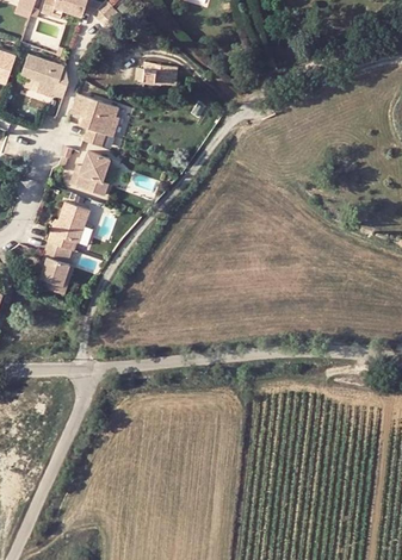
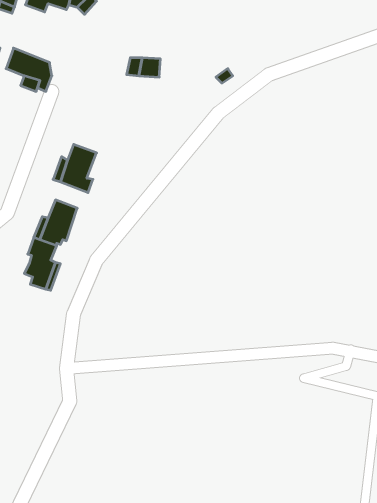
building: [70,93,118,147] -> none

